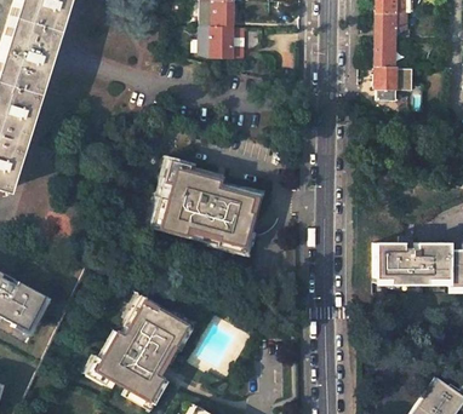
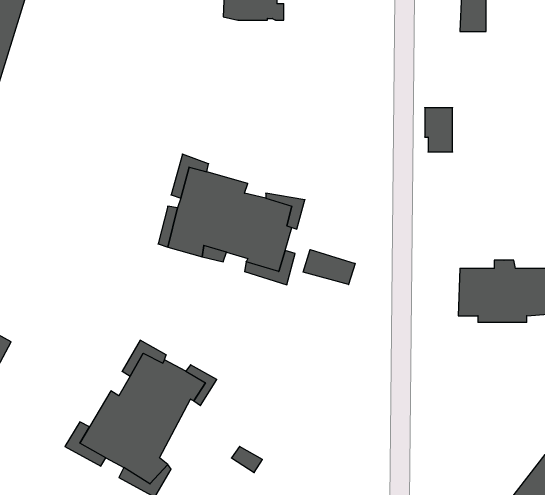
building: [376,67,396,99] -> [425,108,453,152]
building: none -> [303,250,355,285]

